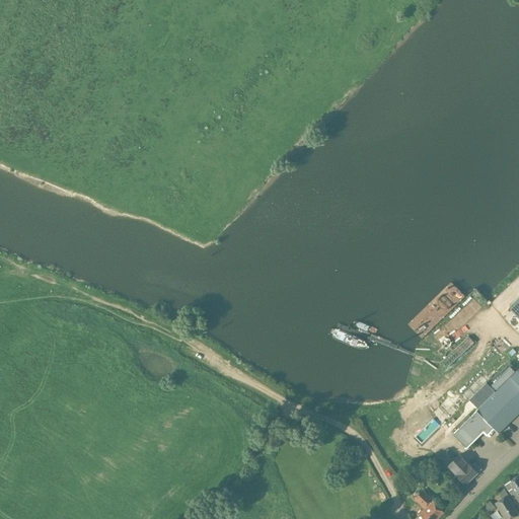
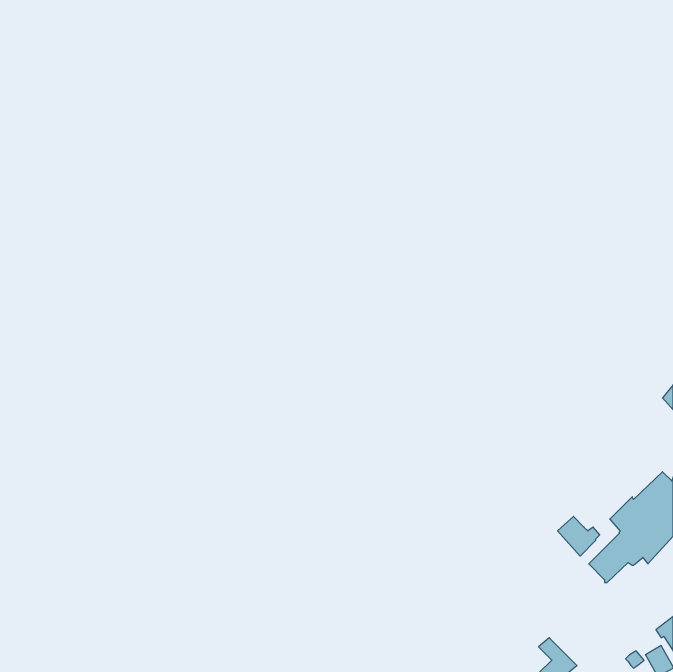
building: [448,455,480,486] -> [558,516,600,556]

